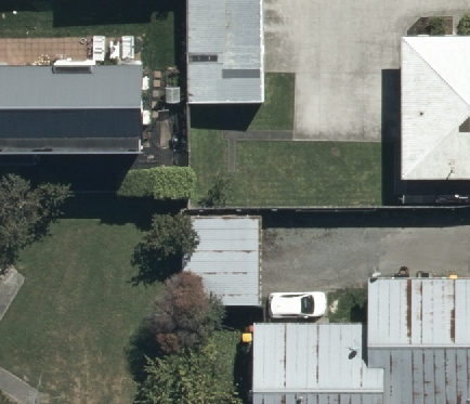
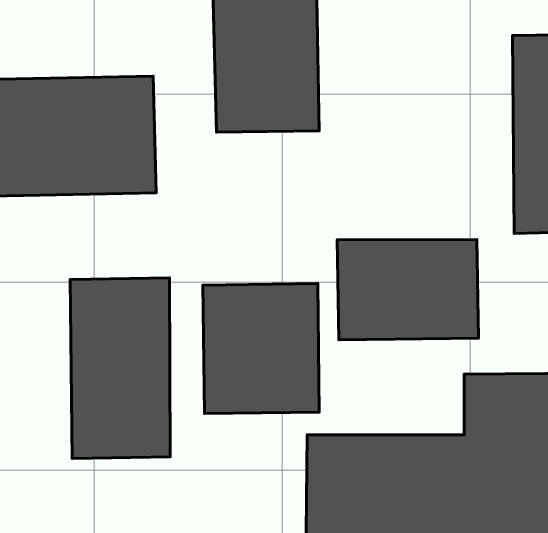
building: none -> [337,240,478,340]
building: none -> [70,278,170,458]

